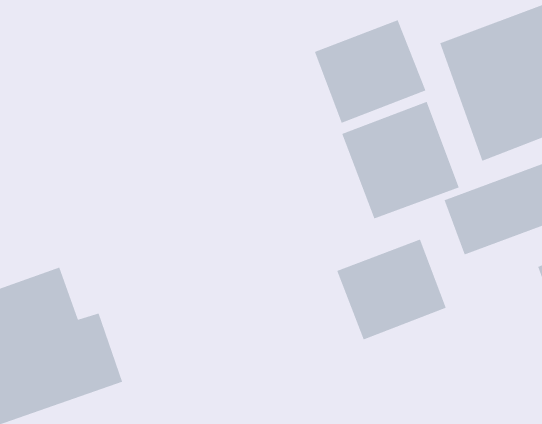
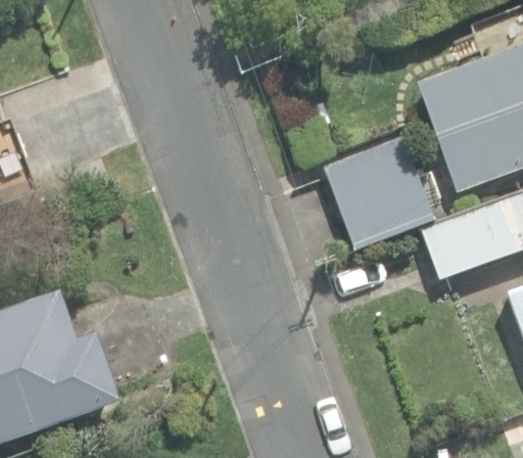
building: [314,19,427,124] -> none
building: [336,239,447,341] -> none

